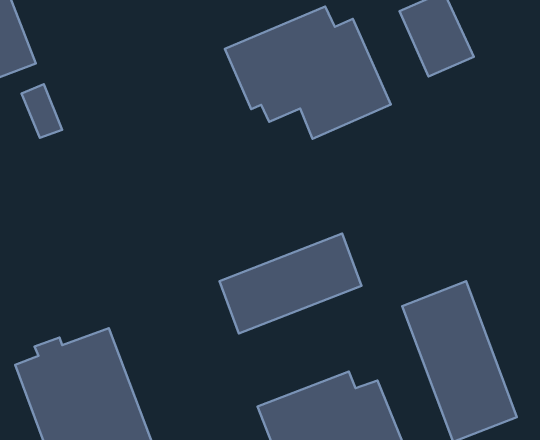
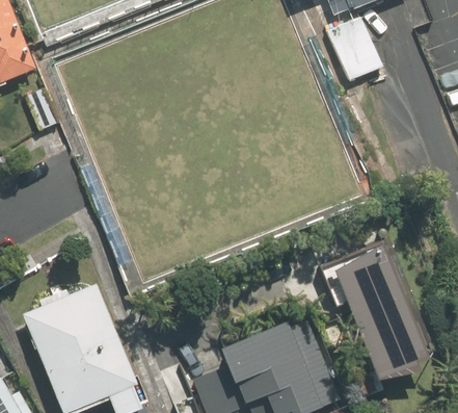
building: [225,7,391,139] -> none
building: [219,234,362,333] -> none

